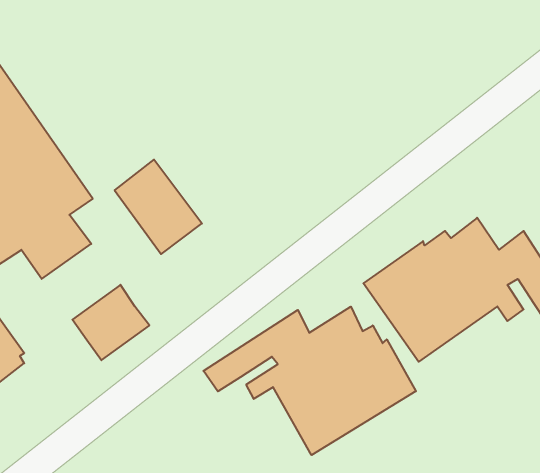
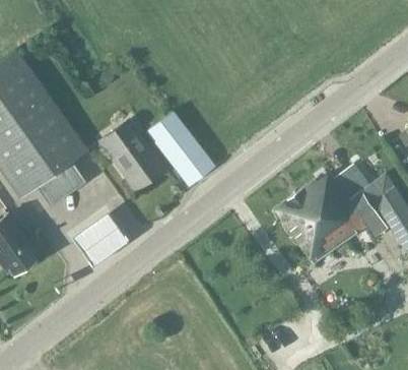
building: none -> [147,113,214,186]
building: [203,307,416,455] -> none

